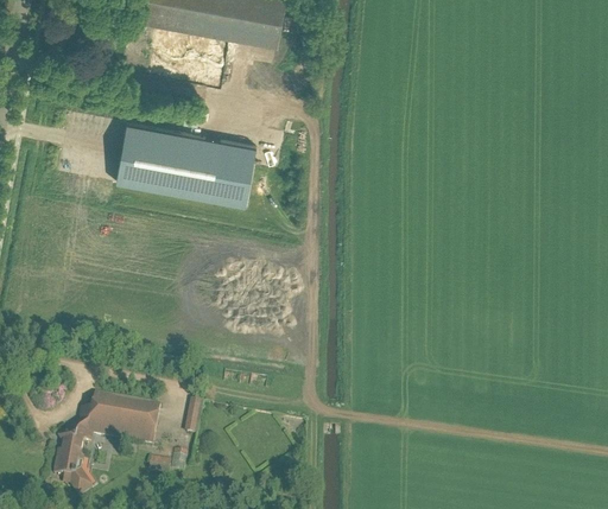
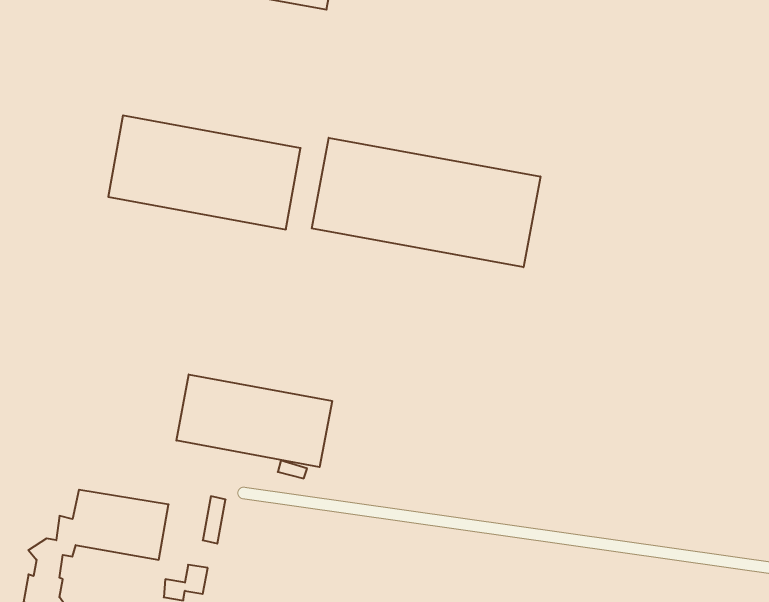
building: none -> [312,138,540,267]
building: none -> [176,374,332,467]

